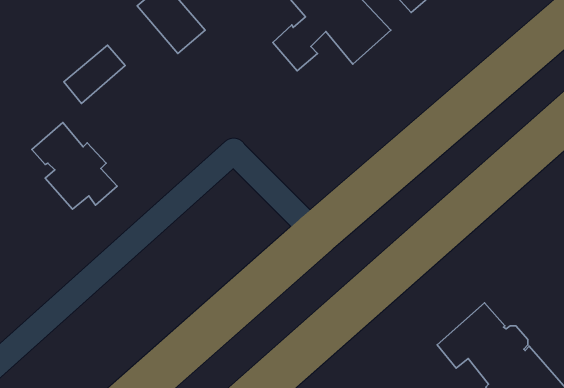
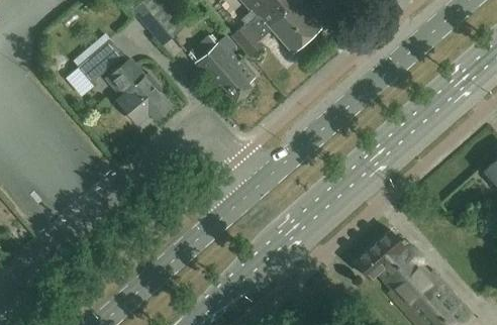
building: none -> [194,39,251,100]
building: [32,122,117,209] -> [105,57,169,121]

